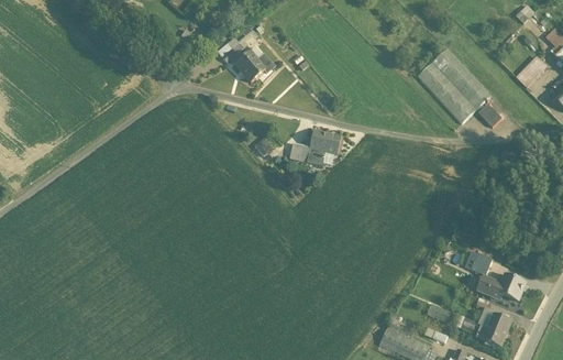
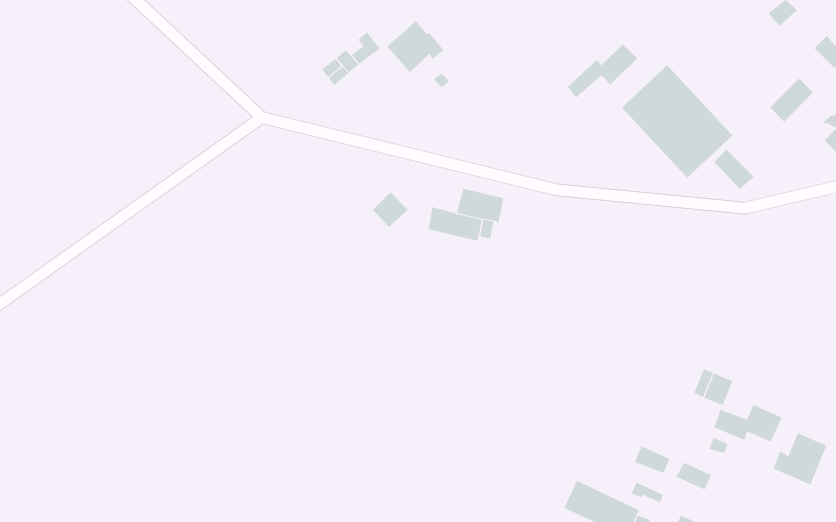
building: none -> [567,44,638,98]
building: [234,47,273,83] -> [386,20,444,73]
building: [475,313,511,348] -> [773,432,827,485]

